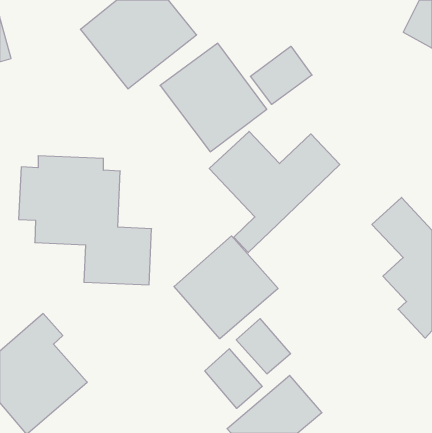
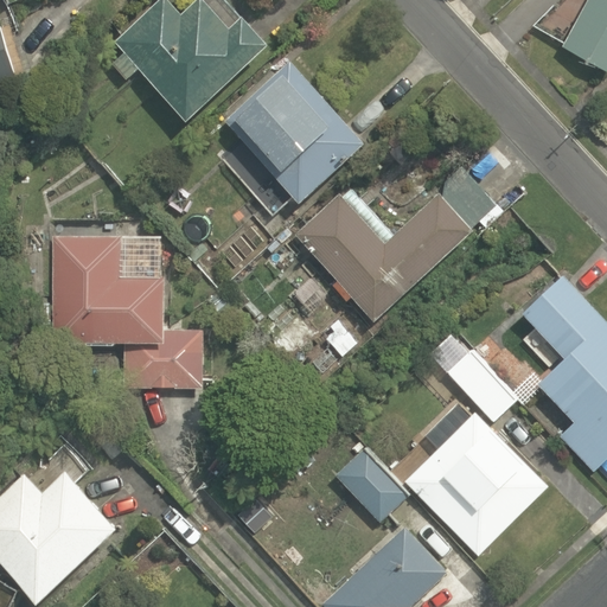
building: [250,46,312,104] -> none
building: none -> [410,327,549,555]
building: [174,236,278,339] -> none
building: [205,349,262,408] -> none

